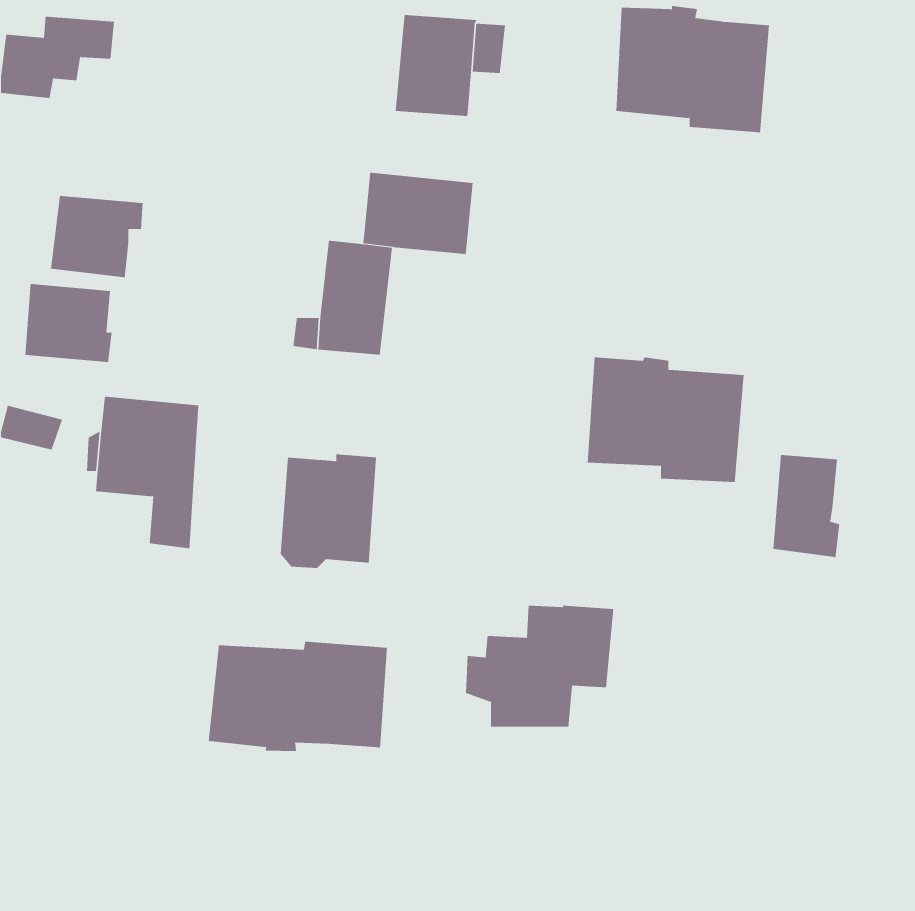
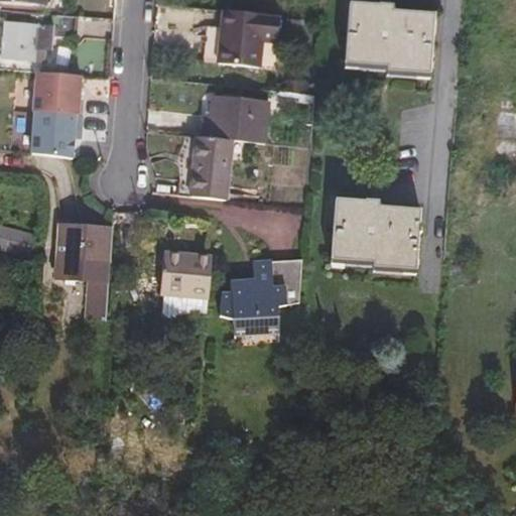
building: [25,284,113,363] -> [32,70,82,114]
building: [773,454,840,558] -> none
building: [465,605,614,727] -> [221,256,304,325]
building: [208,641,388,752] -> none

